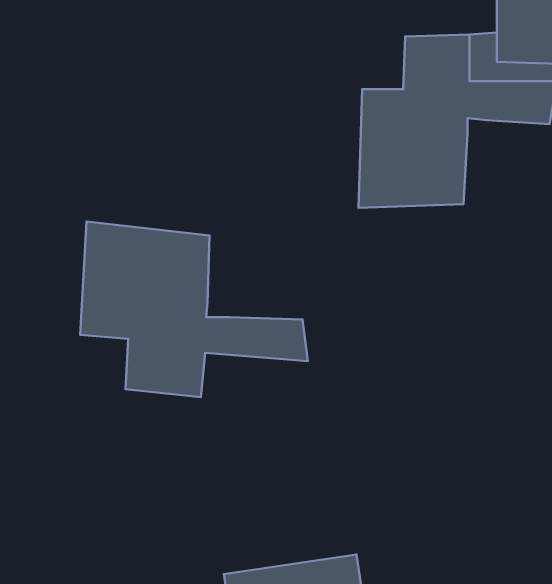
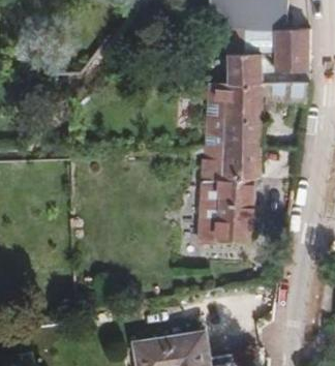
building: none -> [200,146,261,242]
building: [80,222,308,397] -> none

